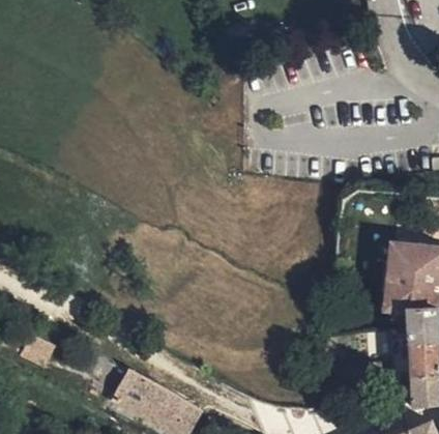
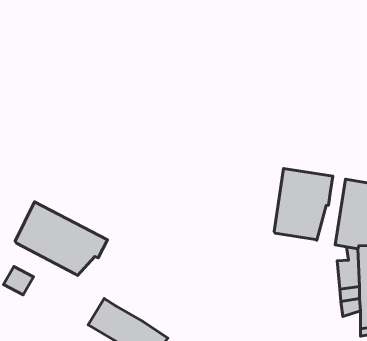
building: none -> [274,168,333,240]
building: none -> [15,202,107,275]

